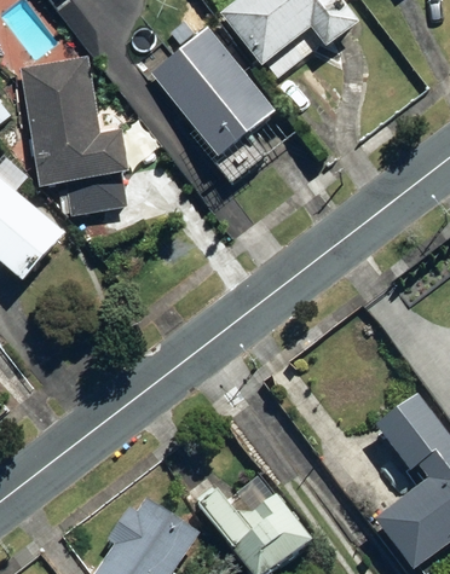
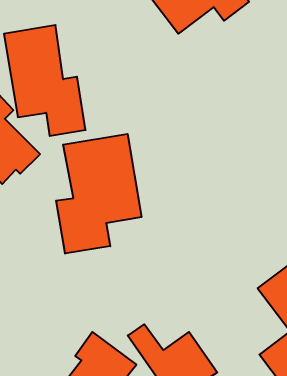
building: [150,25,275,160] -> none
building: none -> [56,134,141,254]

